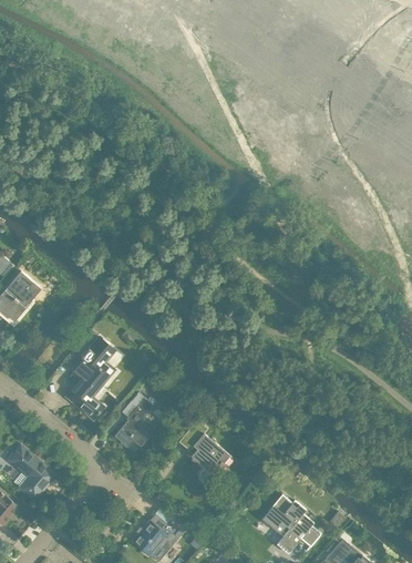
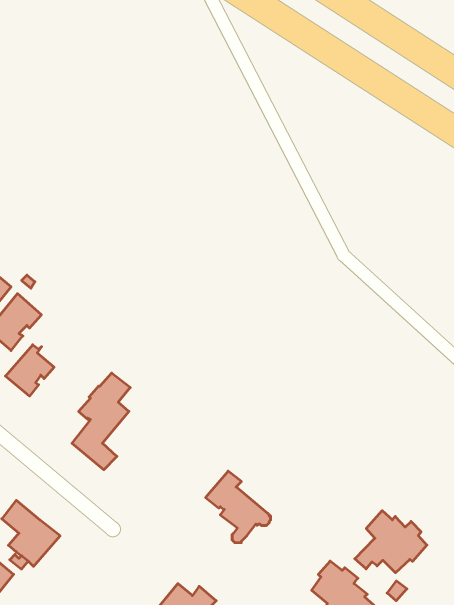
building: none -> [5,345,54,396]
building: [113,393,154,449] -> none
building: none -> [355,511,427,573]

